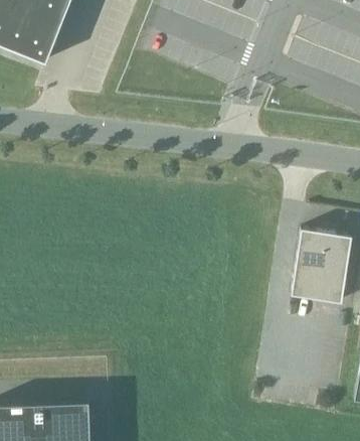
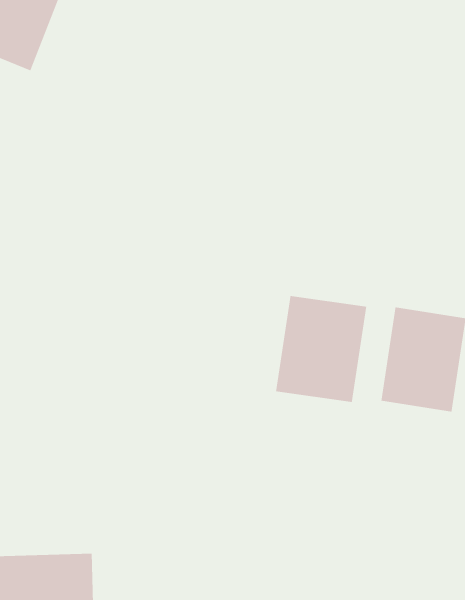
building: none -> [275,295,367,403]

